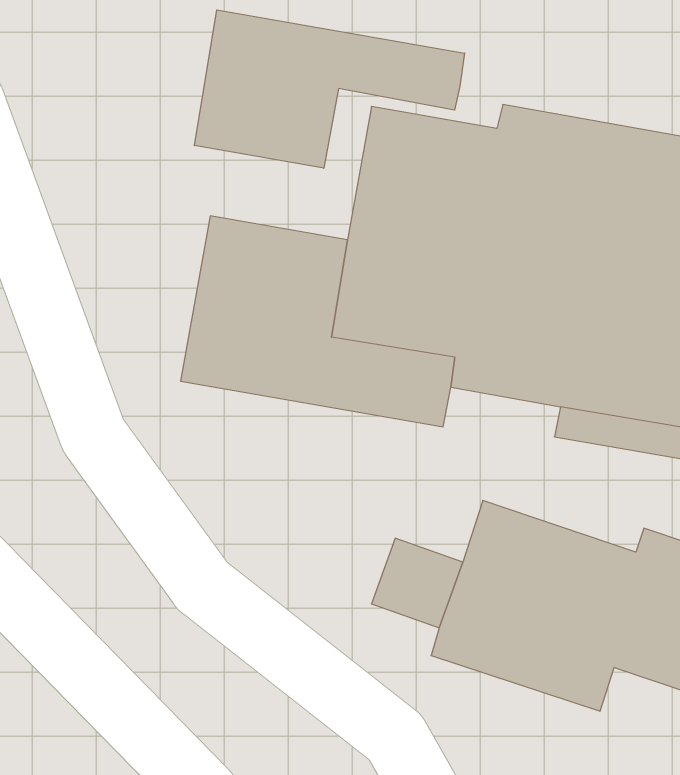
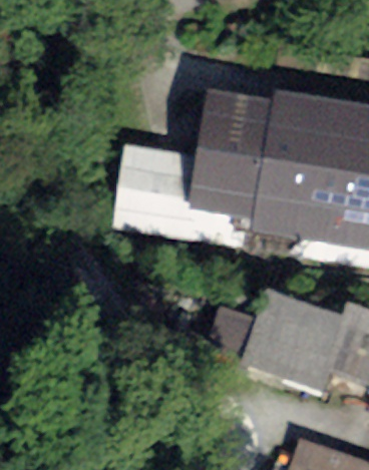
building: [194,10,465,168] -> none

